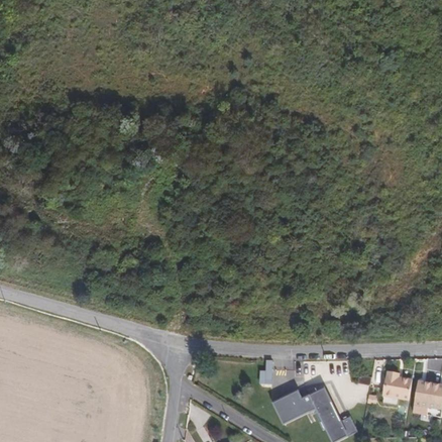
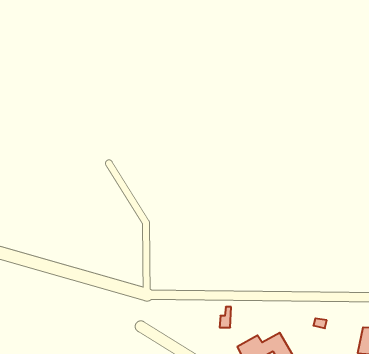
building: [383,369,414,398] -> none

